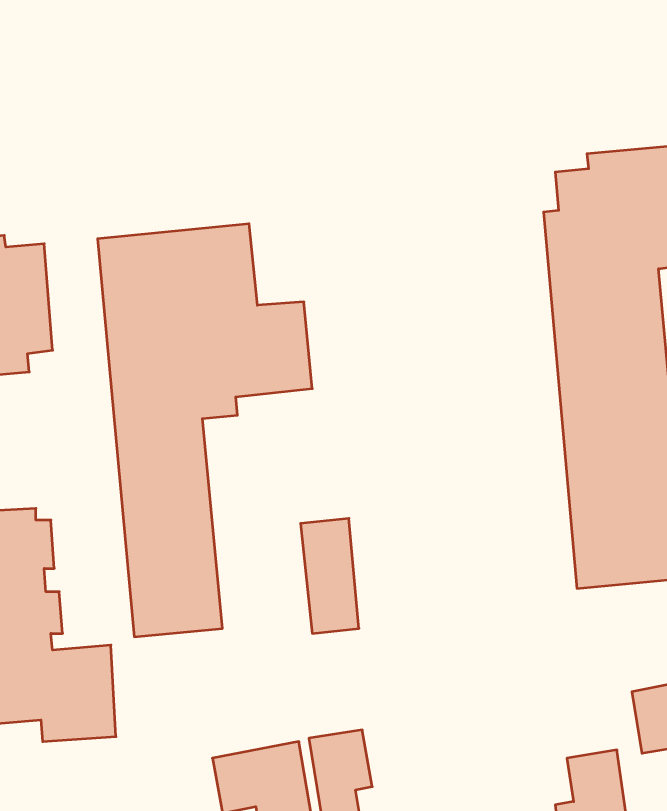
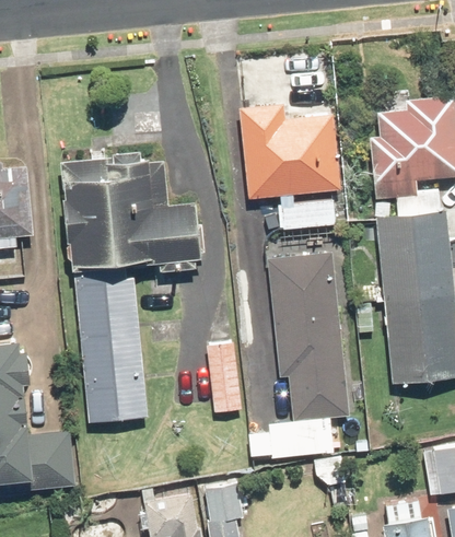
building: none -> [233,107,336,236]
building: none -> [265,254,343,464]

